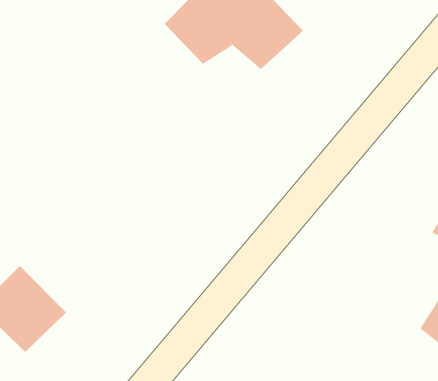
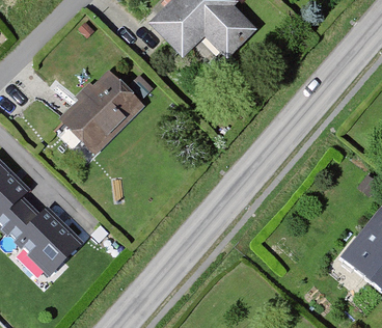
building: none -> [61,71,142,151]

